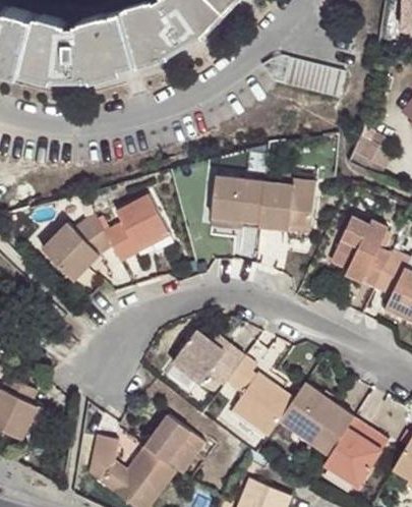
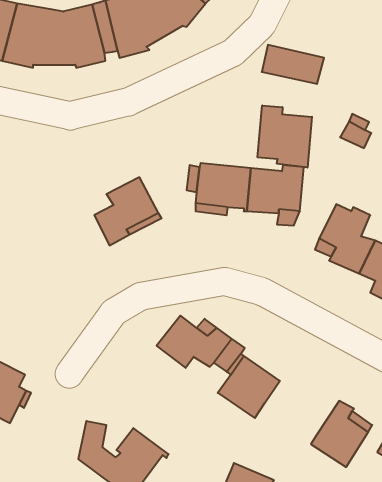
building: none -> [258,105,312,168]
building: [38,215,122,281] -> none
building: [280,381,357,453] -> none
building: [146,416,202,471] -> none

